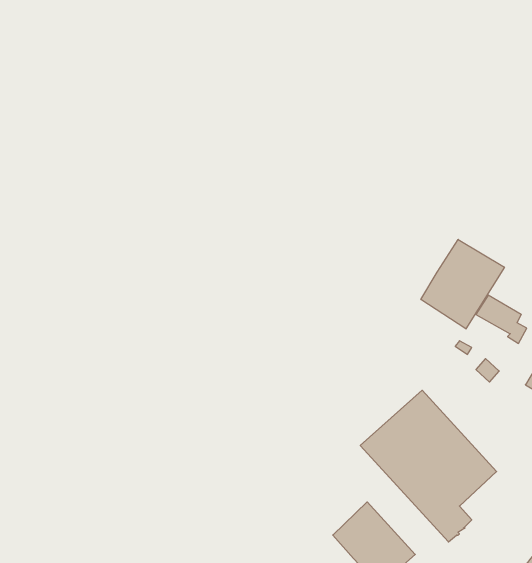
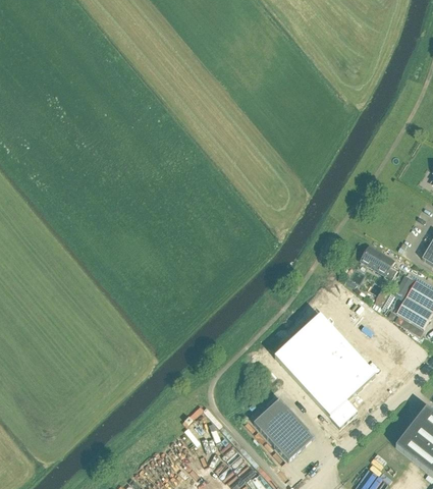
building: [421,239,504,329] -> none

